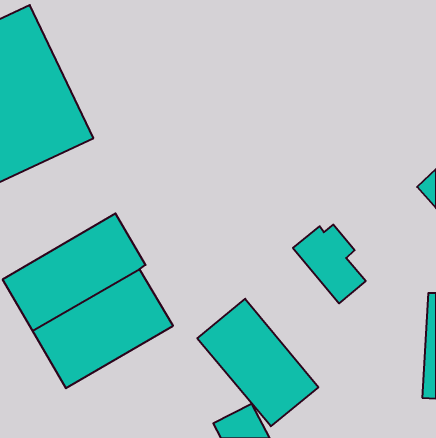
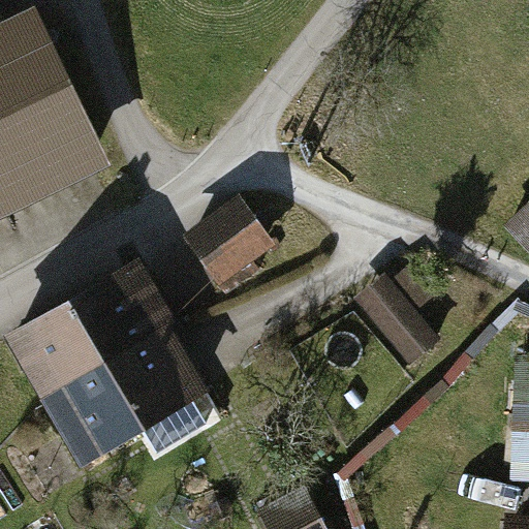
building: none -> [182,195,275,286]
building: [197,299,318,426] -> none

